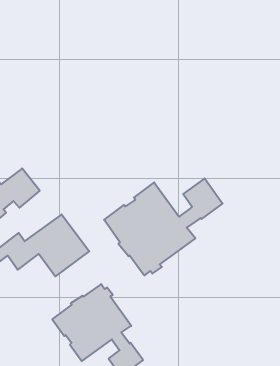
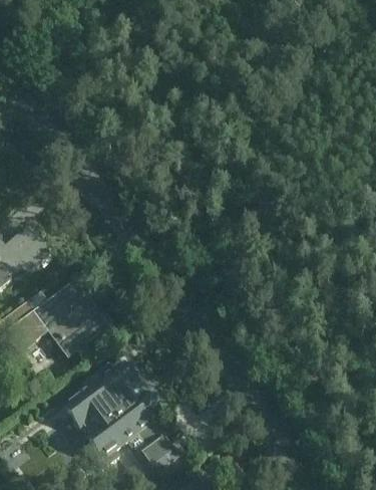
building: [104,178,223,275] -> none

